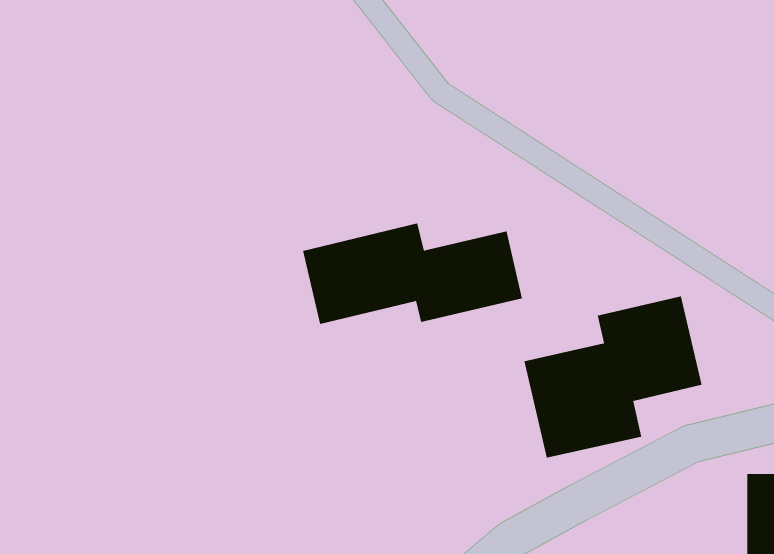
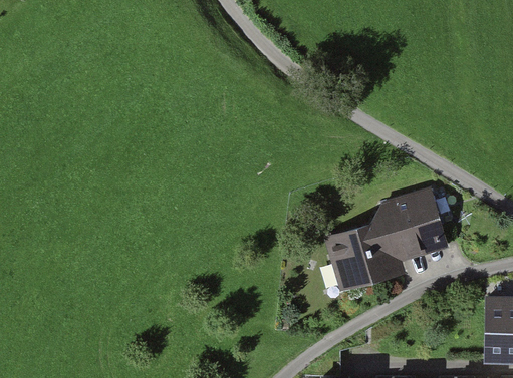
building: [302,223,523,325] -> none

